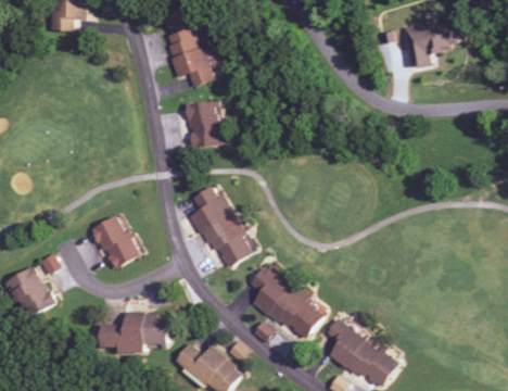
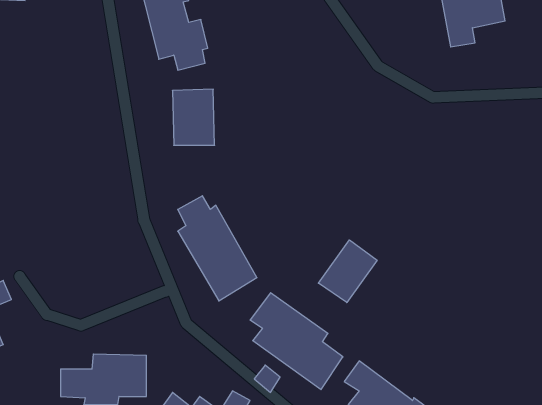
building: [90,215,139,269] -> none
building: none -> [318,240,377,303]

